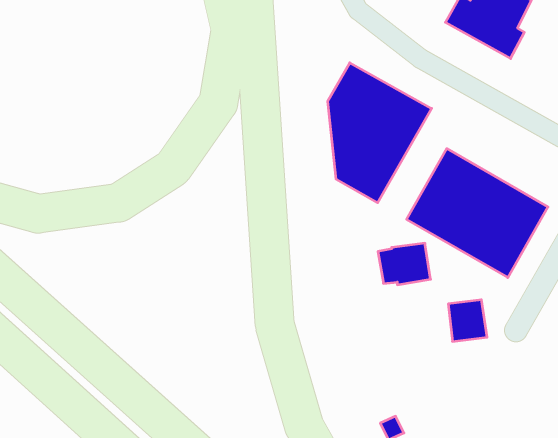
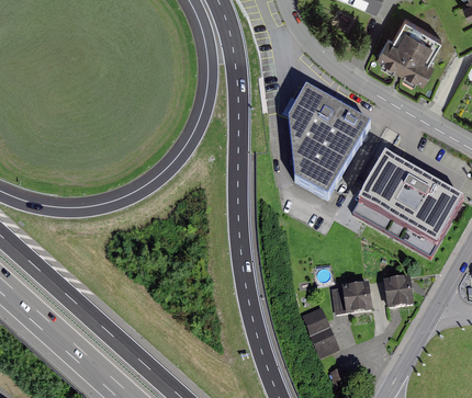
building: [378,243,431,285] -> [329,283,371,316]
building: none -> [303,310,339,357]

